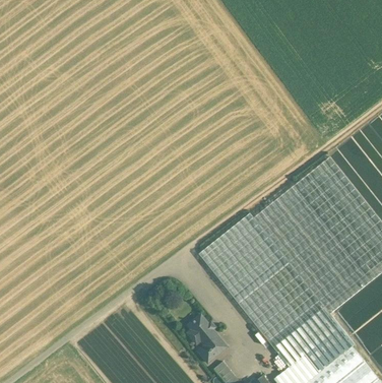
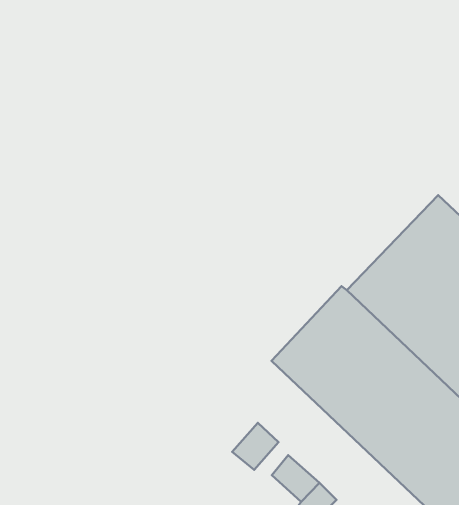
building: none -> [232,423,278,470]

